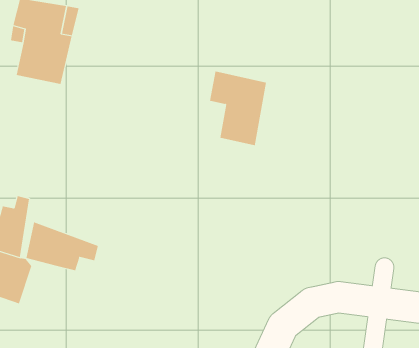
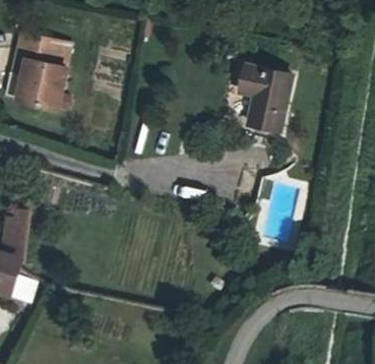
building: [209,71,267,146] -> [238,66,289,132]
building: [26,221,98,271] -> none

